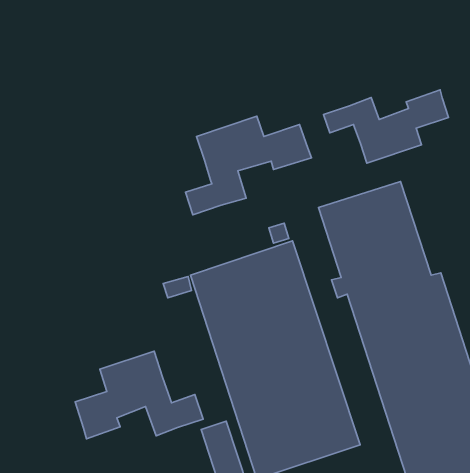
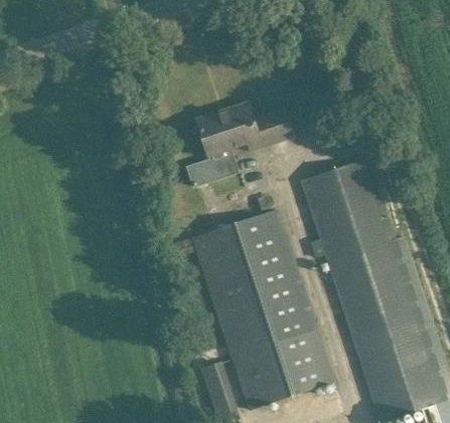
building: [324,90,449,163] -> none
building: [75,351,203,439] -> none

